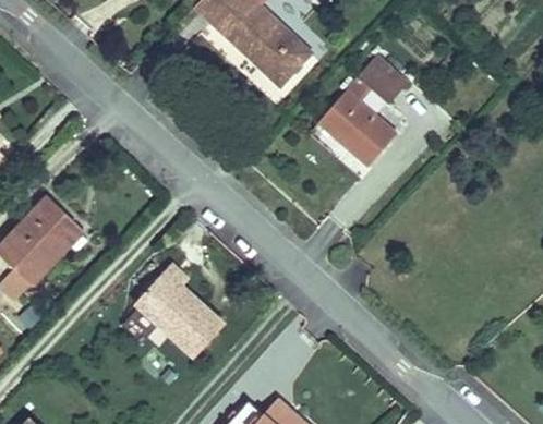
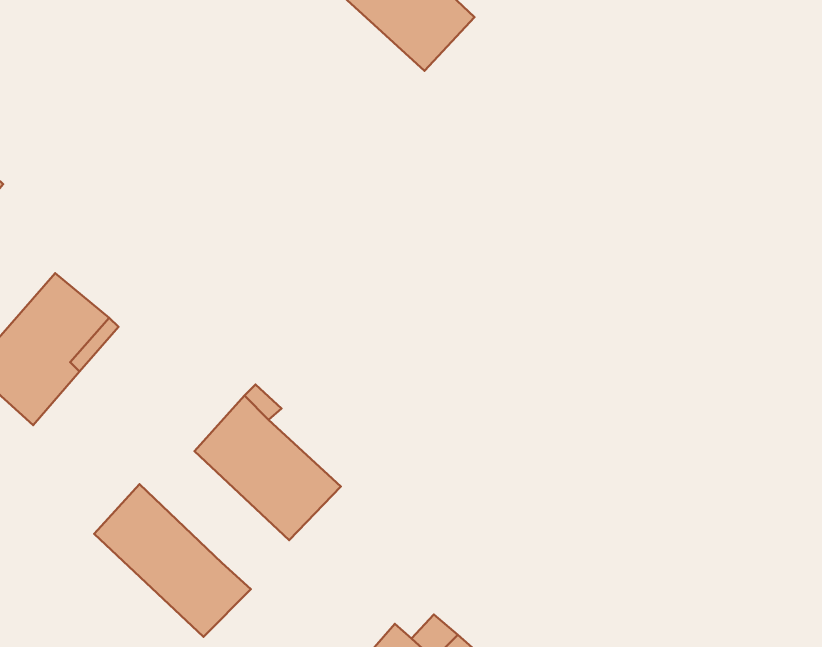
building: [318,49,403,160] -> none
building: none -> [94,484,251,637]

